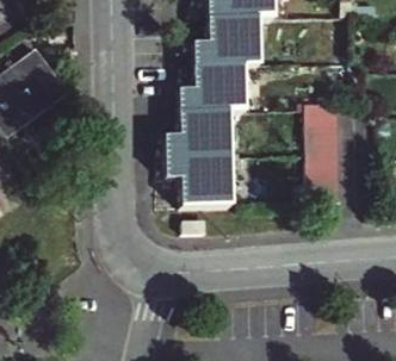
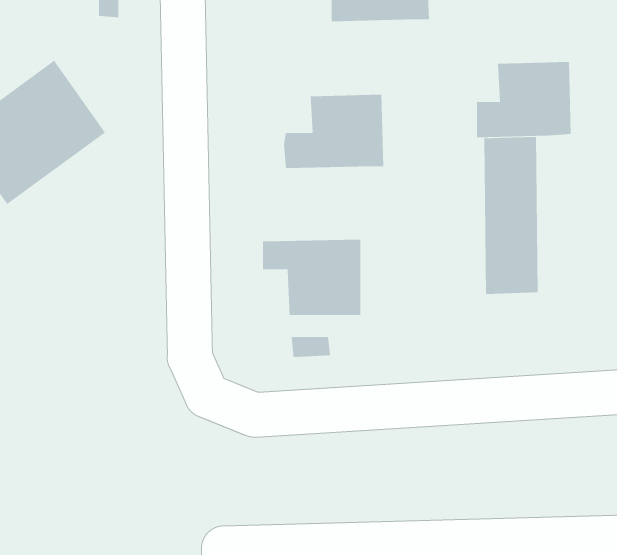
building: [198,19,258,67] -> [476,62,572,138]
building: [168,111,230,157] -> none

